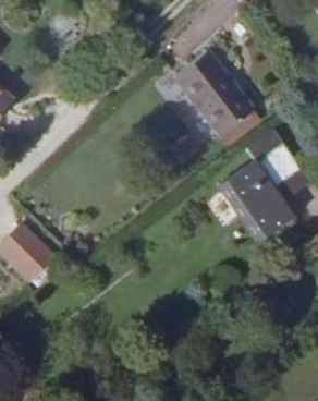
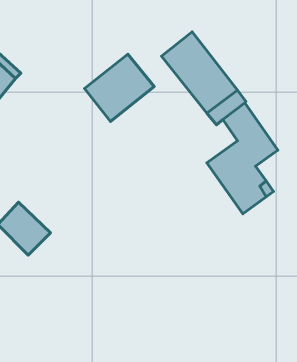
building: none -> [85,54,154,122]

